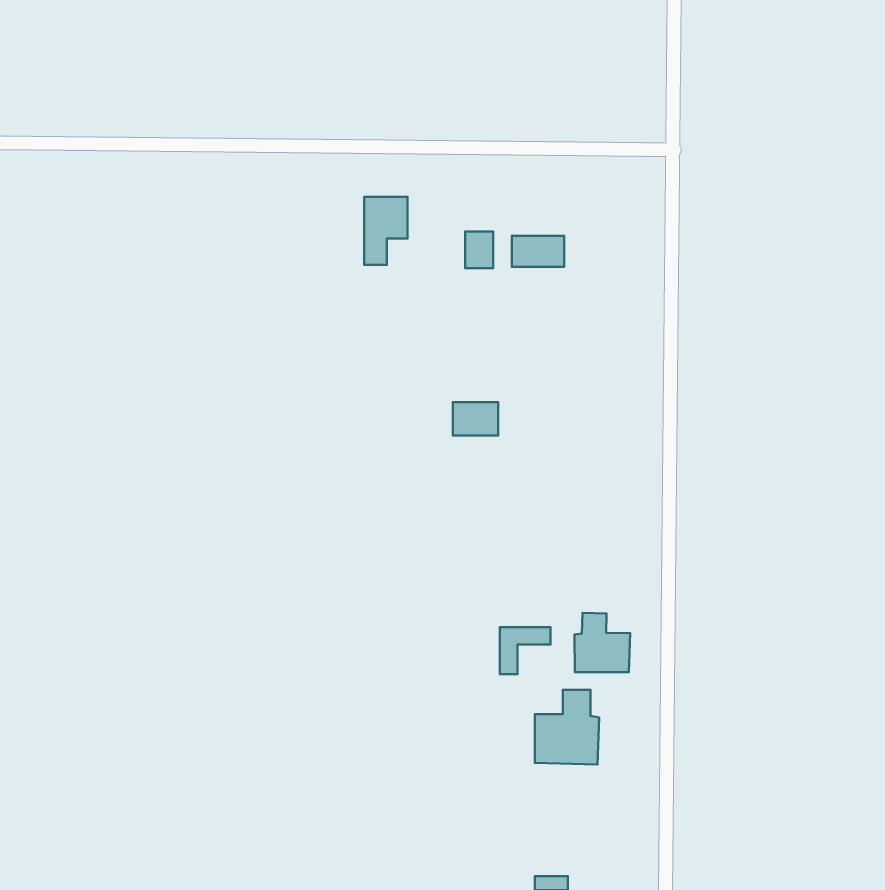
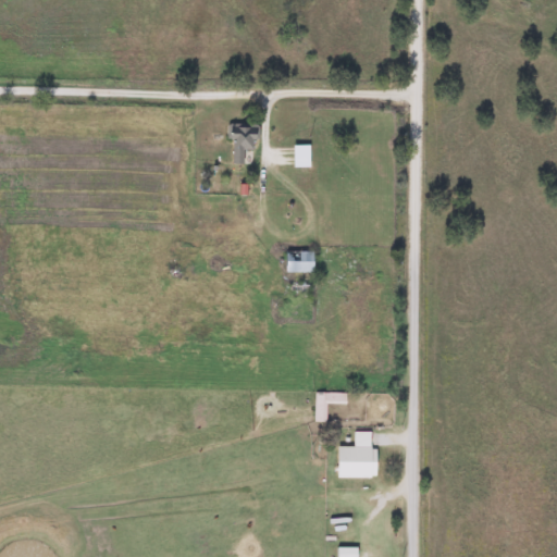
building: [512,236,564,267] -> none
building: [574,613,630,672] -> none

